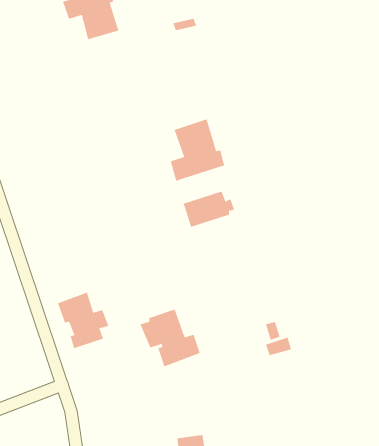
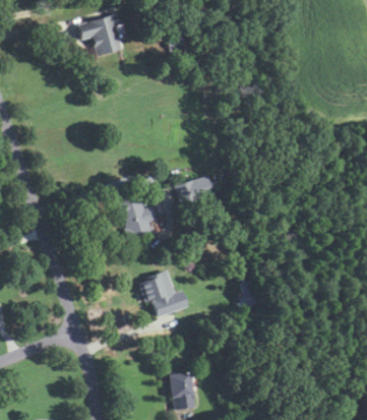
building: [170,118,225,182] -> none
building: [57,292,109,349] -> [113,193,155,239]

